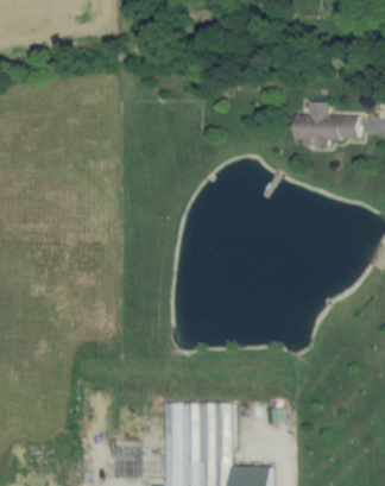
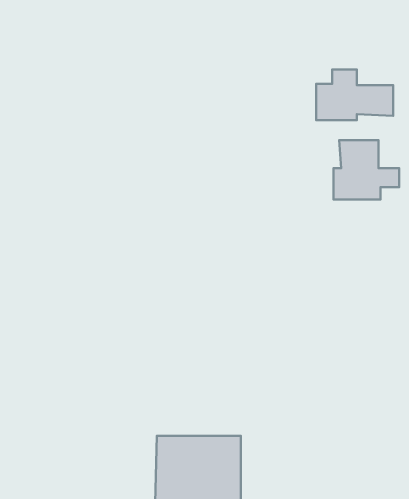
building: none -> [334,140,399,199]

